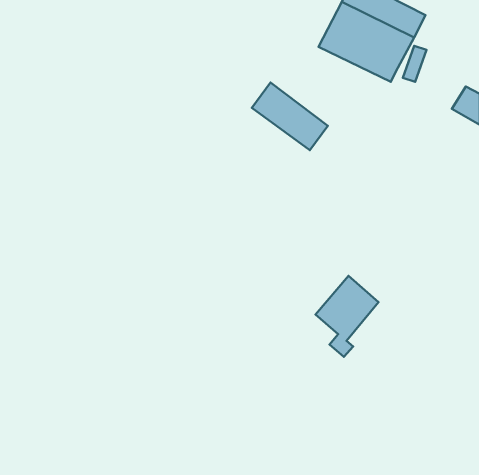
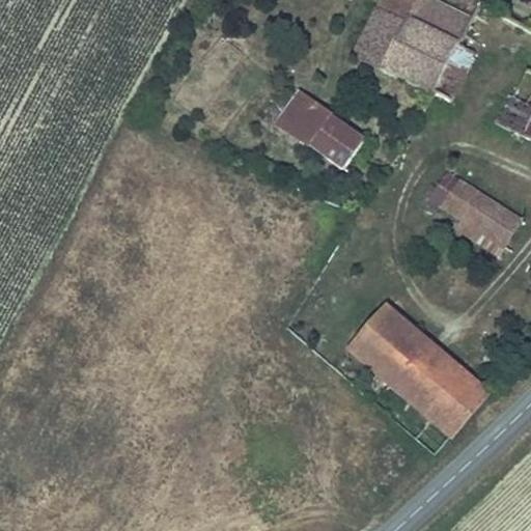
building: none -> [430,172,518,249]
building: none -> [384,334,487,435]

